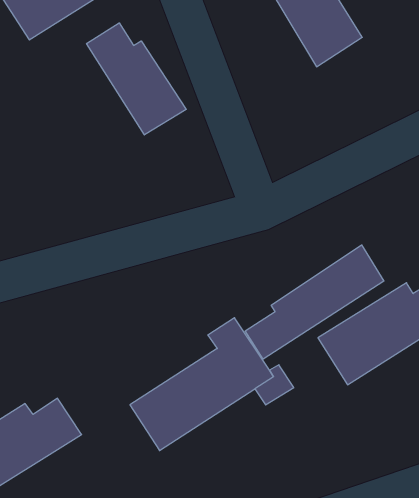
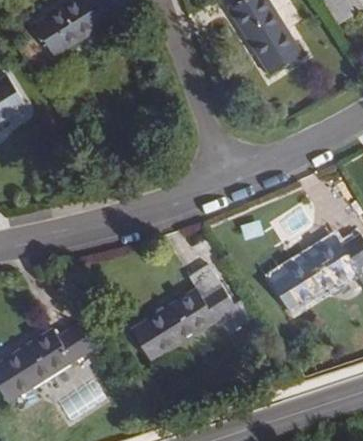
building: [87,23,186,135] -> none
building: [245,245,384,359] -> none

